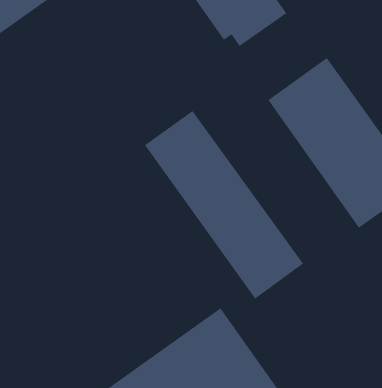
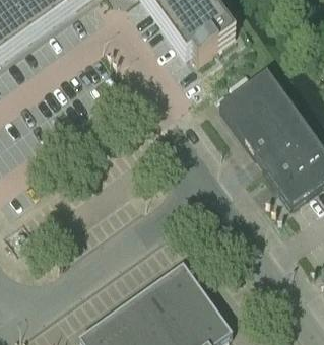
building: [144,110,304,300] -> none

